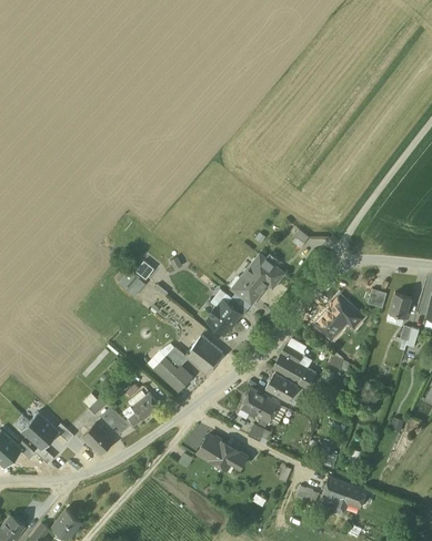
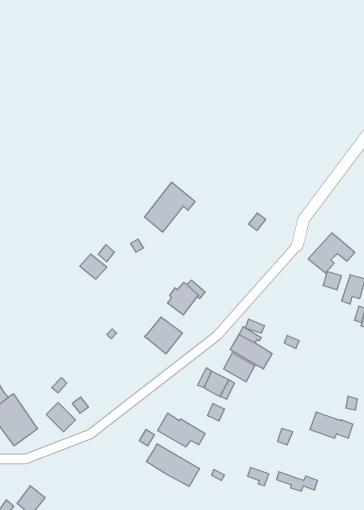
building: [232,254,284,305] -> [144,182,195,232]
building: [314,298,362,339] -> [308,233,355,273]
building: [153,346,193,392] -> none
building: [128,392,160,427] -> none
building: none -> [146,444,200,486]
building: [322,477,366,503] -> [310,412,353,438]

